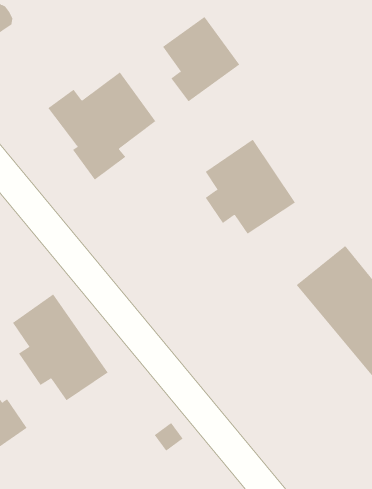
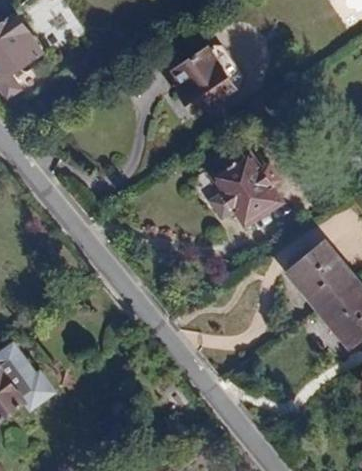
building: [47,71,156,180] -> none
building: [12,293,109,401] -> none

